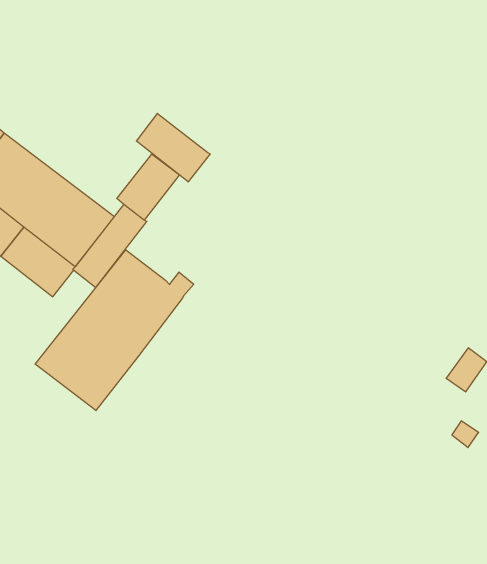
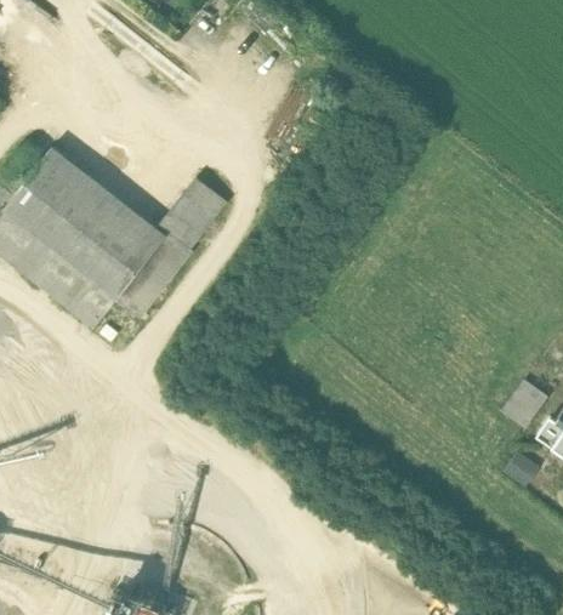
building: [136,113,210,182] -> none
building: [35,250,194,411] -> none

